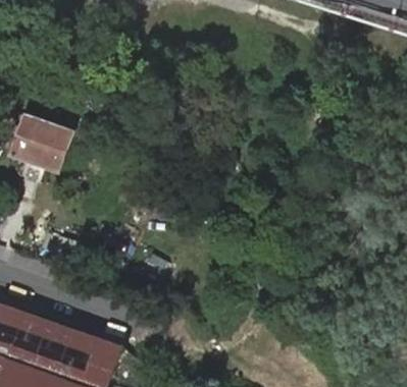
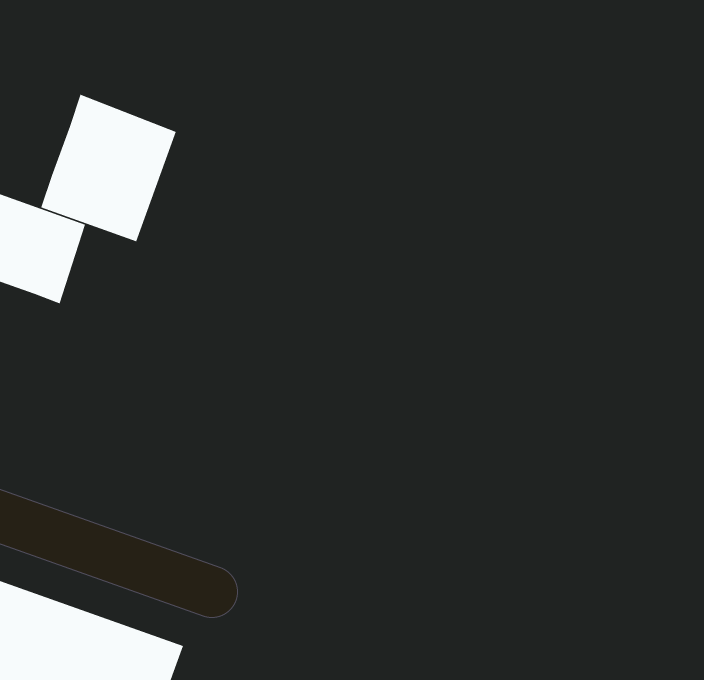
building: none -> [41,94,177,242]

